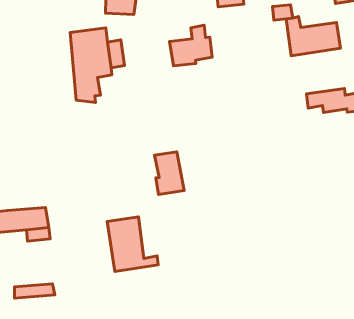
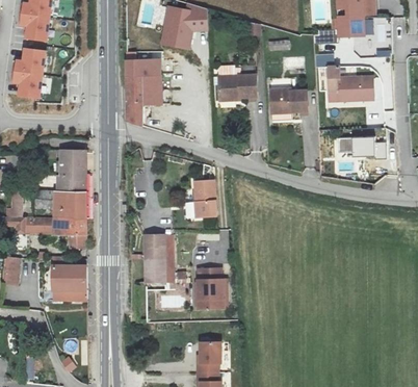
building: none -> [268,85,307,120]
building: none -> [52,148,87,217]
building: none -> [197,268,226,308]
building: none -> [50,255,86,288]

